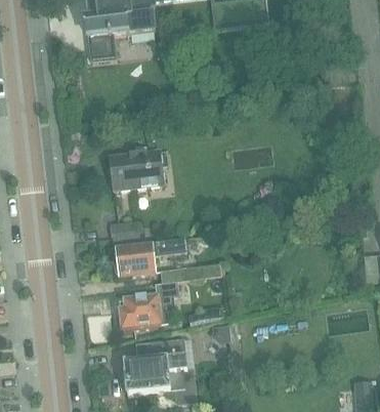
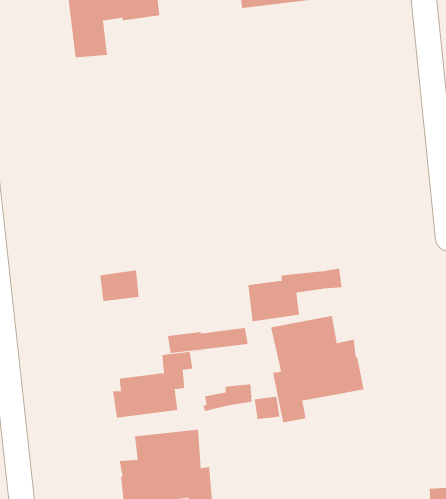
building: [109,150,163,191] -> none
building: [116,237,186,277] -> [248,268,343,322]
building: none -> [271,315,364,423]

